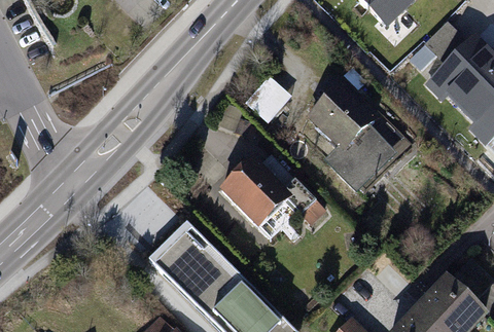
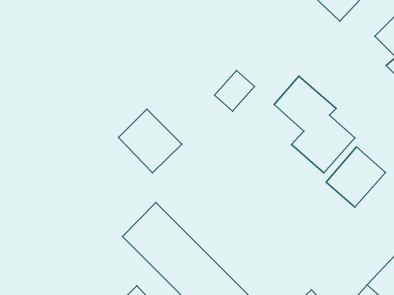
building: [219,158,288,227] -> [118,109,182,173]
building: none -> [326,147,385,207]

